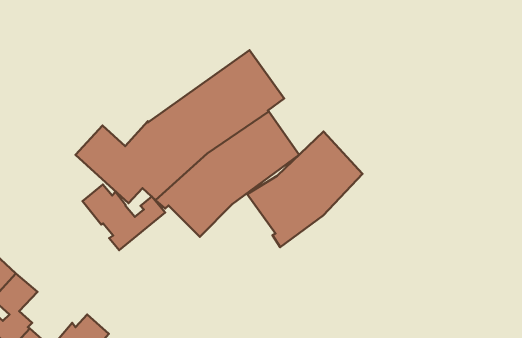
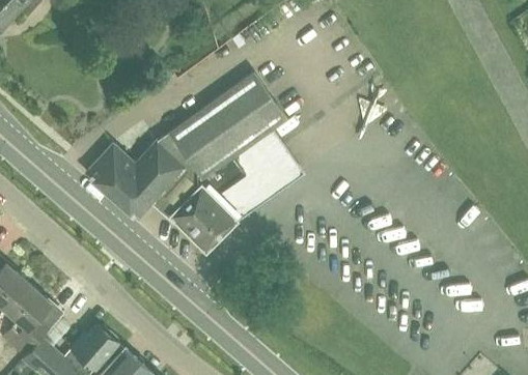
building: [247,132,362,247] -> none
building: [83,185,165,250] -> none

